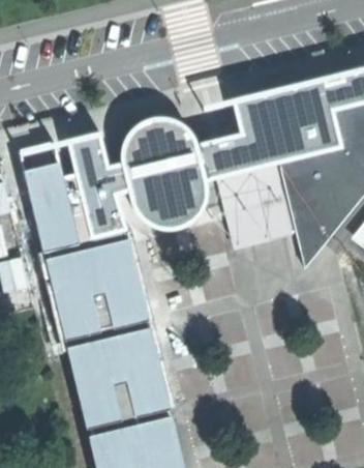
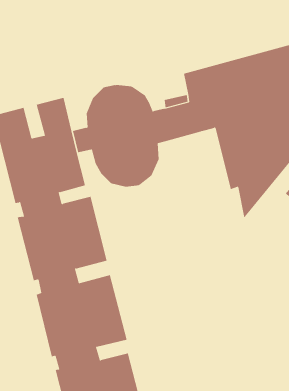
building: [219,169,275,252] -> none

